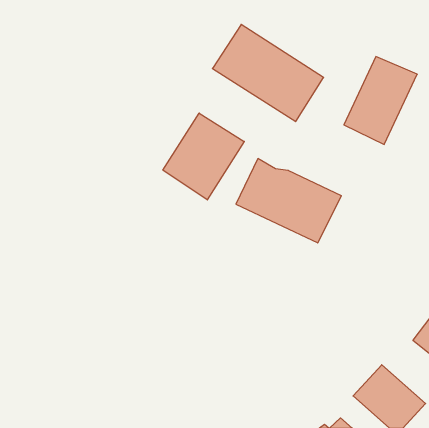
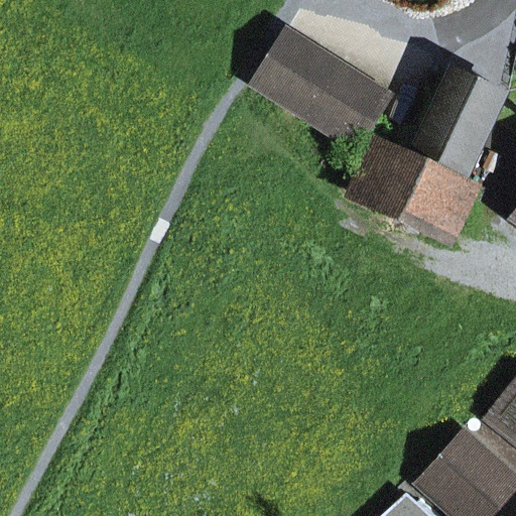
building: [163,113,244,200] -> none
building: [236,159,341,243] -> [351,135,477,236]

